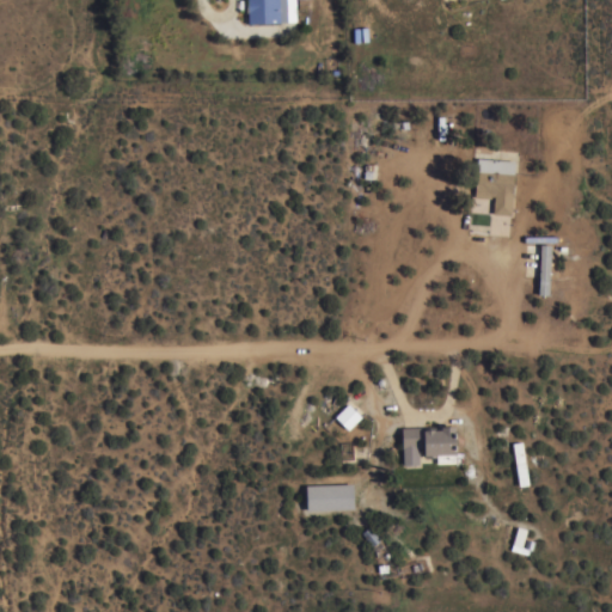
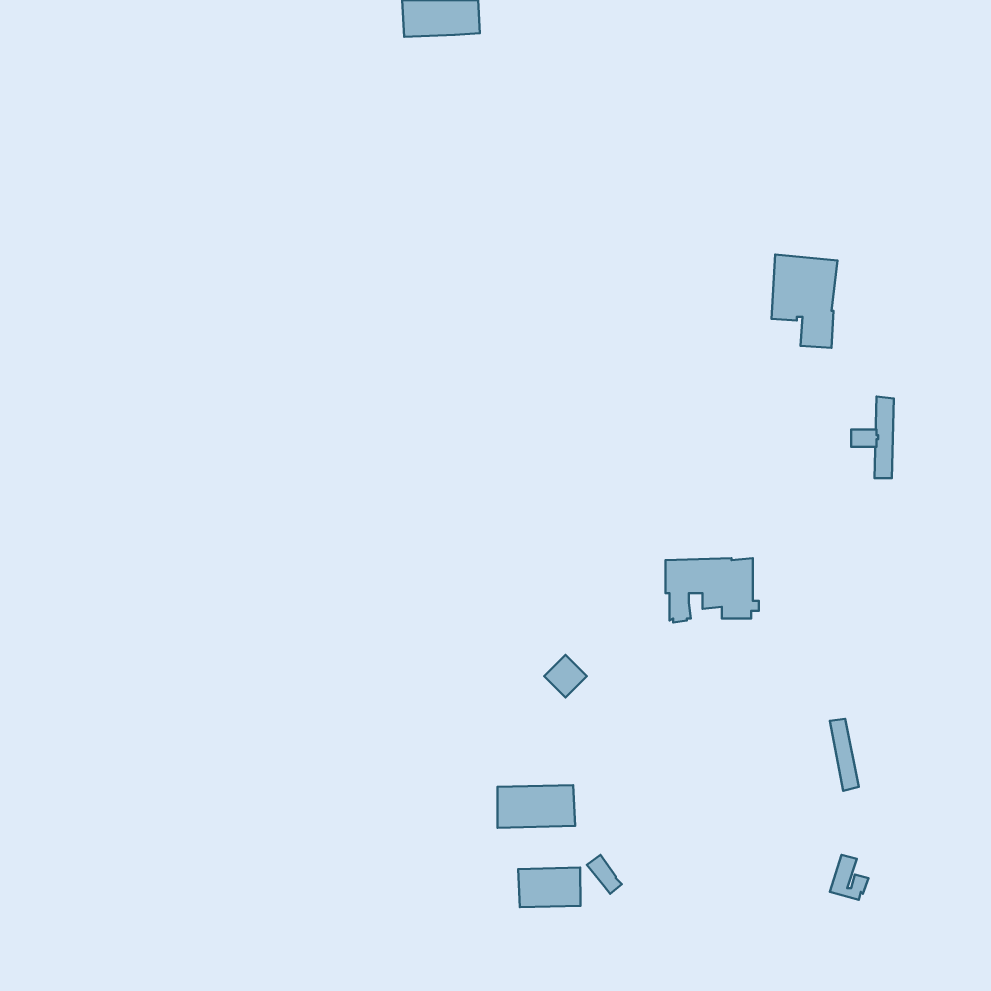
building: [403,427,460,466] -> [666,558,759,622]
building: none -> [518,868,580,907]

